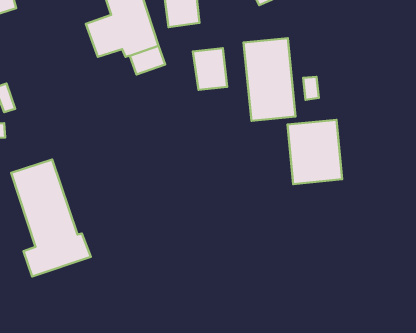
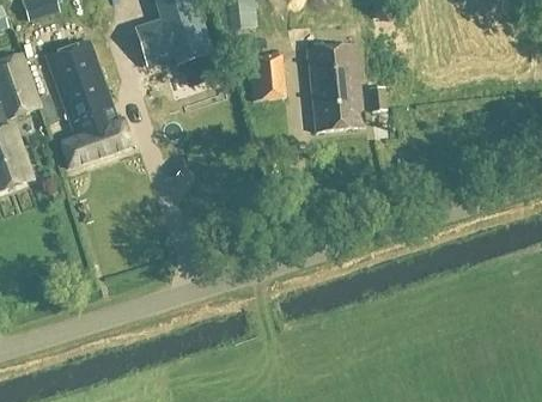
building: [287,120,342,184] -> none
building: [11,160,91,277] -> [45,38,132,165]

